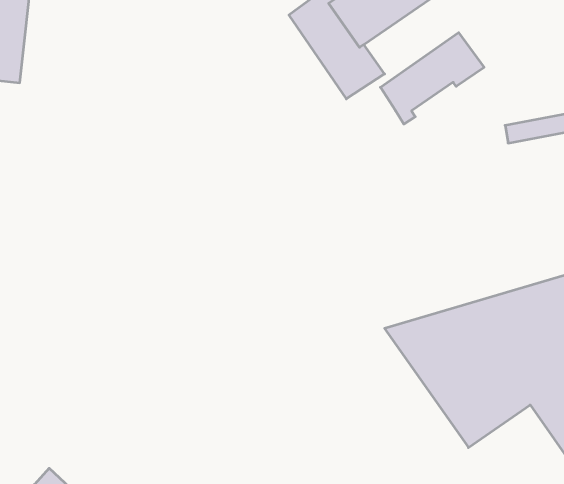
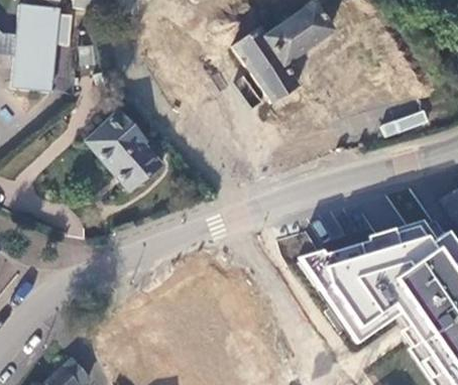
building: [380,33,484,124] -> none
building: none -> [84,112,161,194]

